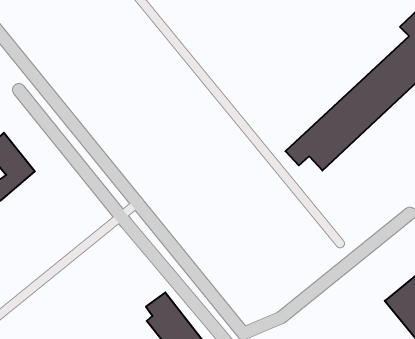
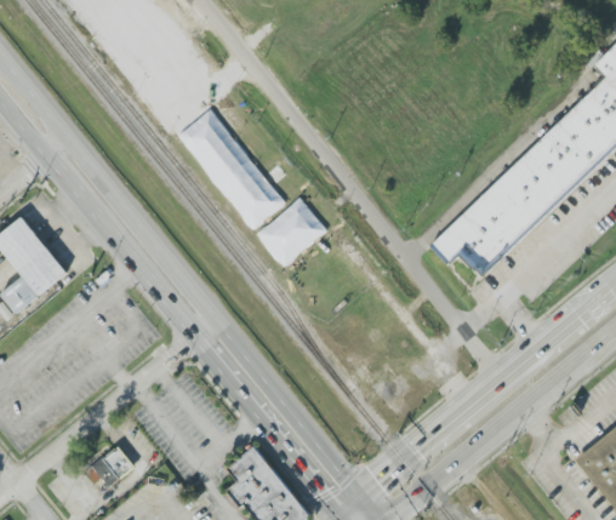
building: none -> [176,112,287,229]
building: none -> [257,199,327,268]
building: none -> [86,446,135,487]

